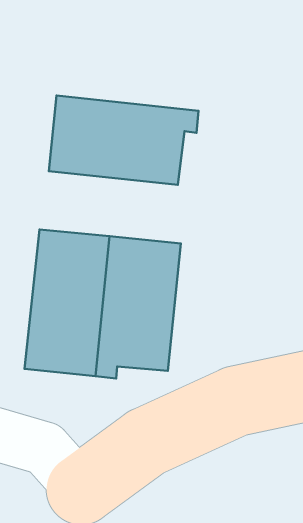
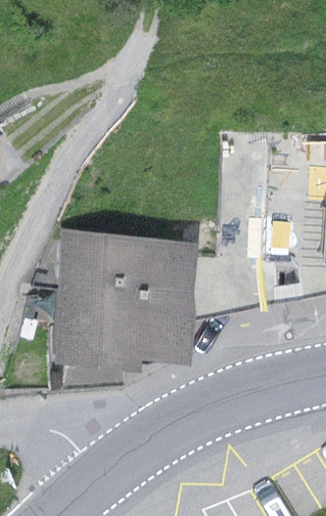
building: [49,96,199,185] -> none

